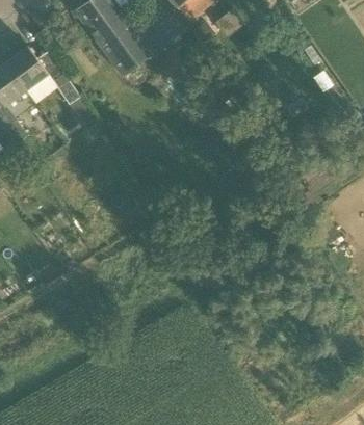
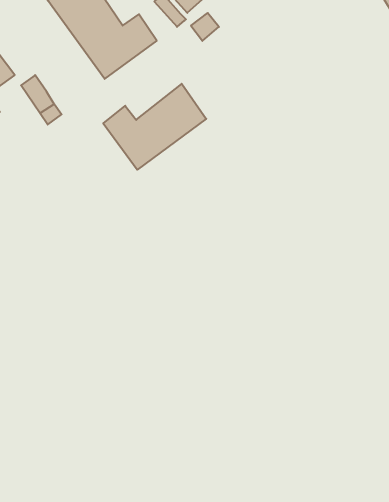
building: none -> [103,84,206,170]

